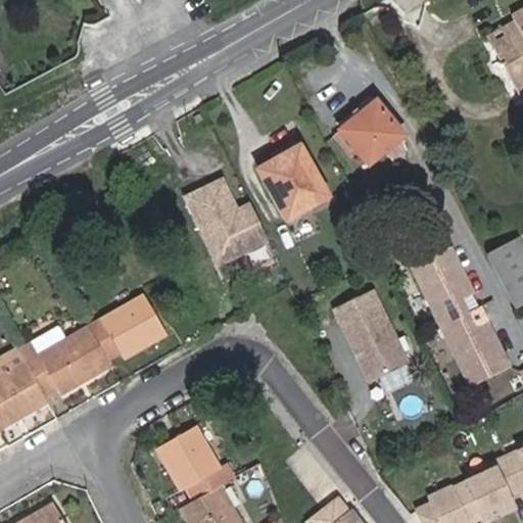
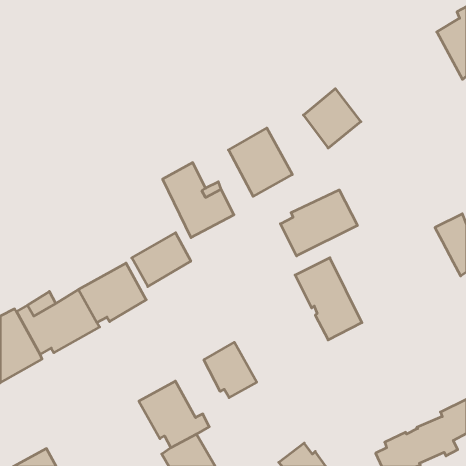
building: none -> [280,190,357,256]
building: [414,244,512,384] -> none
building: none -> [132,233,191,287]
building: none -> [204,342,257,398]

